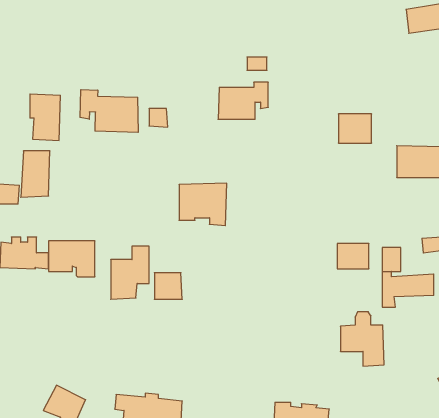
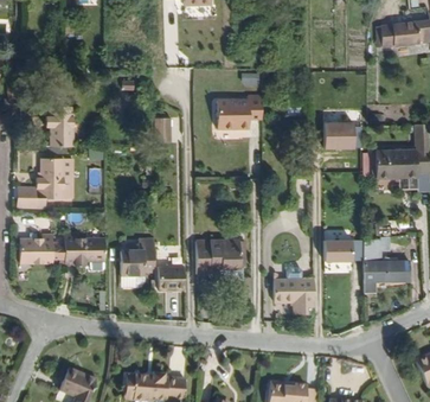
building: [80,90,138,132] -> none
building: [179,183,227,226] -> [197,244,239,282]
building: [340,312,384,366] -> [275,268,314,317]

